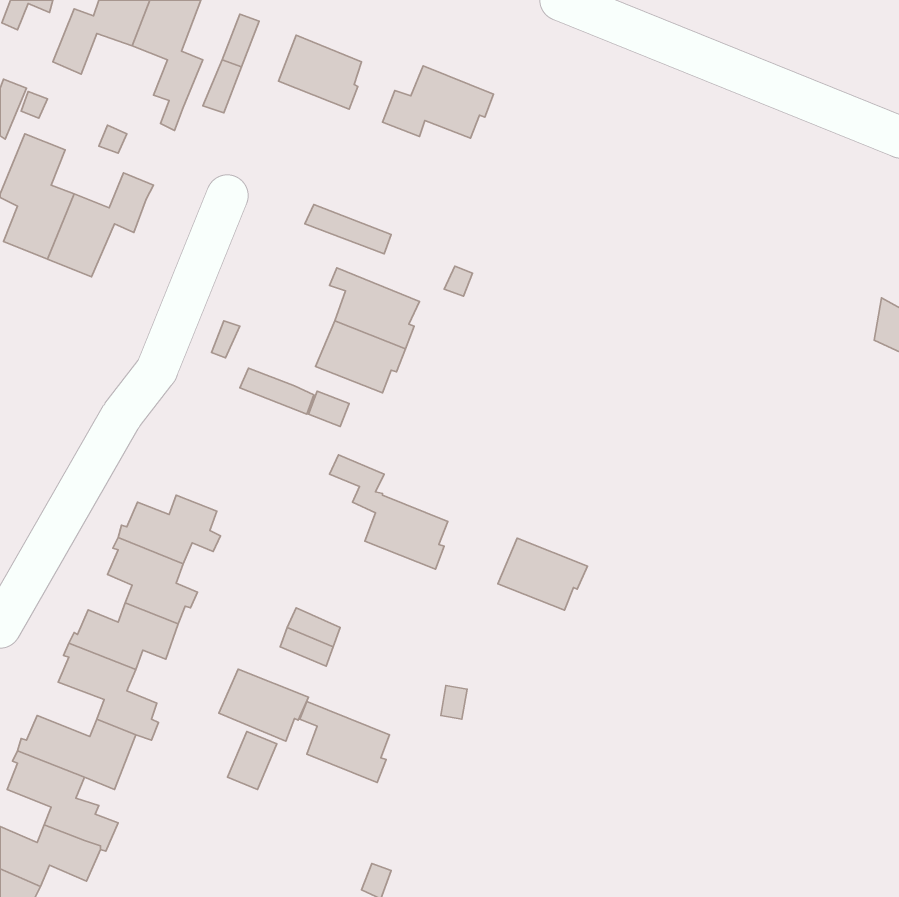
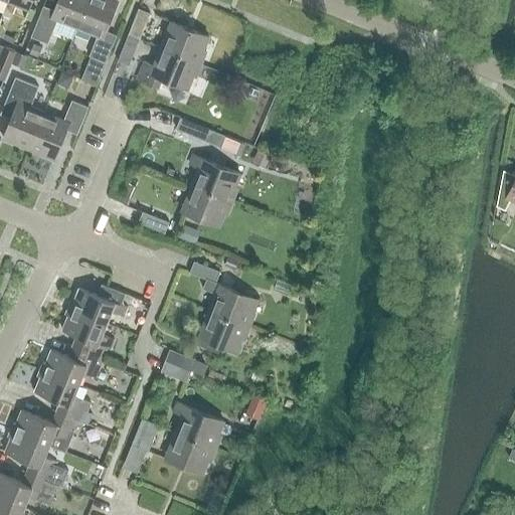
building: [382,66,494,138] -> [137,48,200,90]
building: [498,538,588,610] -> [198,311,249,352]
building: [219,669,309,741] -> [165,433,216,474]

